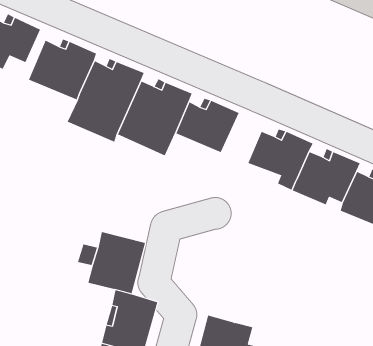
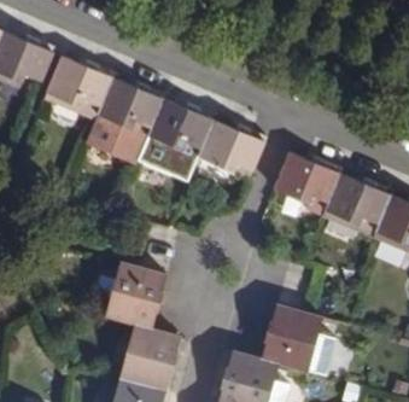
building: none -> [261,304,335,377]

